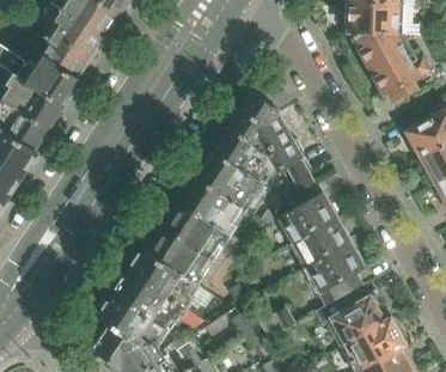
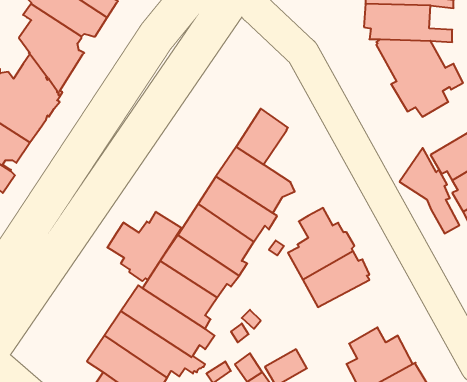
building: [256,115,308,190] -> [400,148,459,233]
building: none -> [107,212,182,281]
building: [304,246,363,307] -> none

